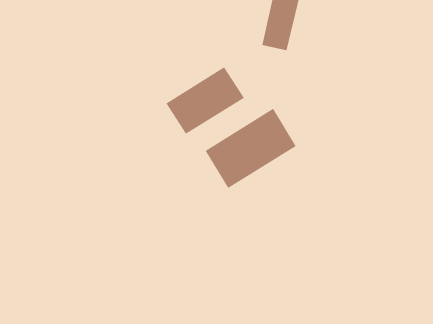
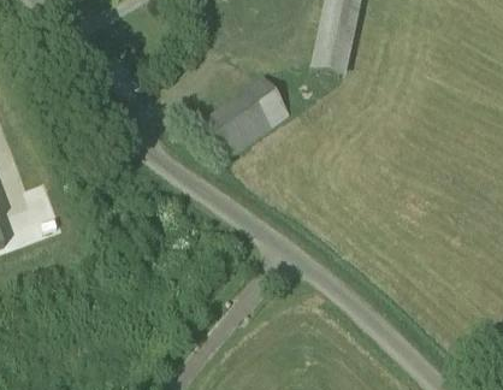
building: [205,108,296,189] -> none

